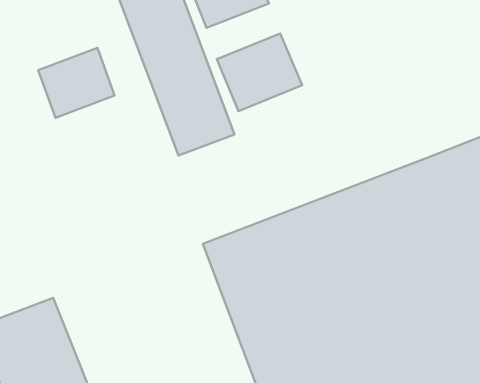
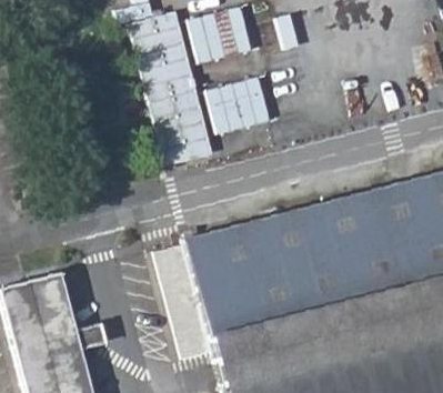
building: [38,48,115,118] -> none

